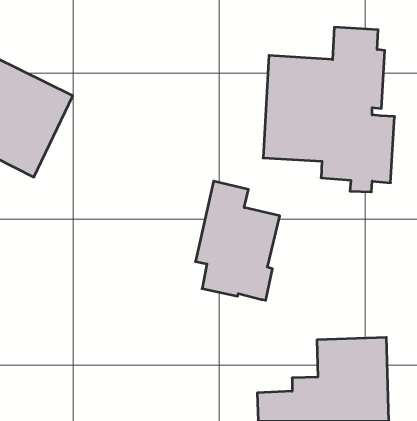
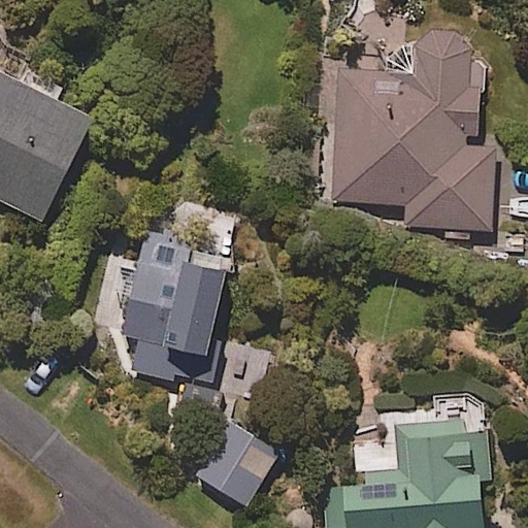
building: [195,181,280,300] -> [123,235,228,384]
building: none -> [191,420,289,513]

